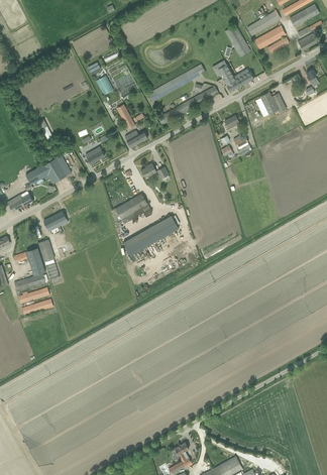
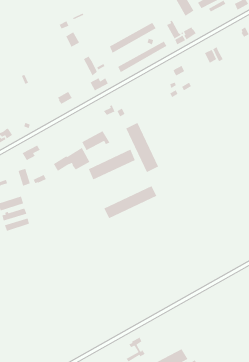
building: [25,154,71,185] -> [53,147,91,172]
building: none -> [125,122,159,173]
building: none -> [103,185,158,219]

